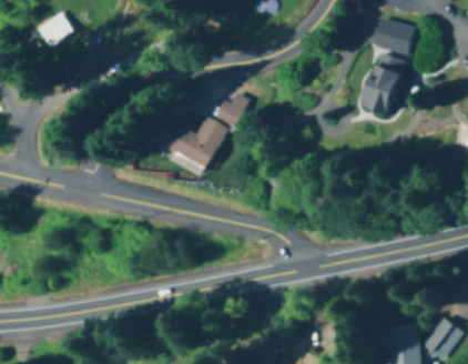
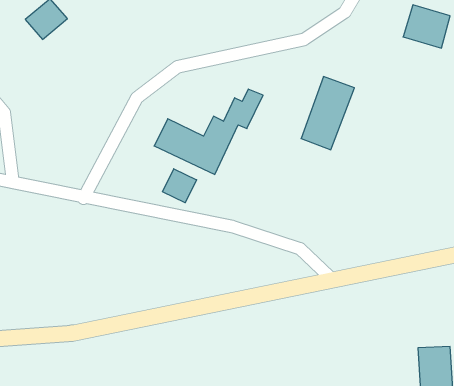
building: [358,50,406,115] -> [301,77,354,150]
building: none -> [162,169,197,203]

